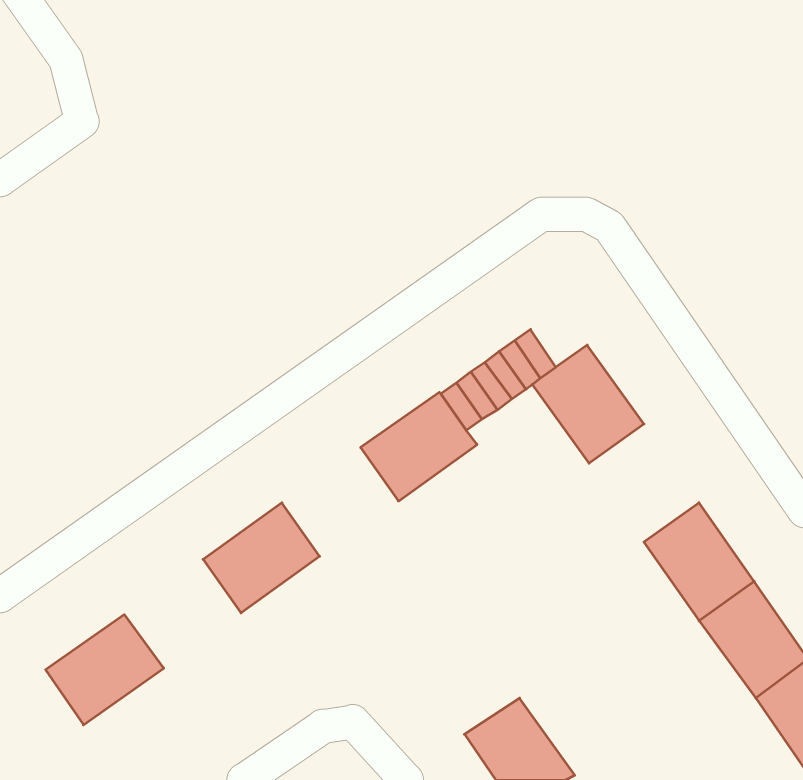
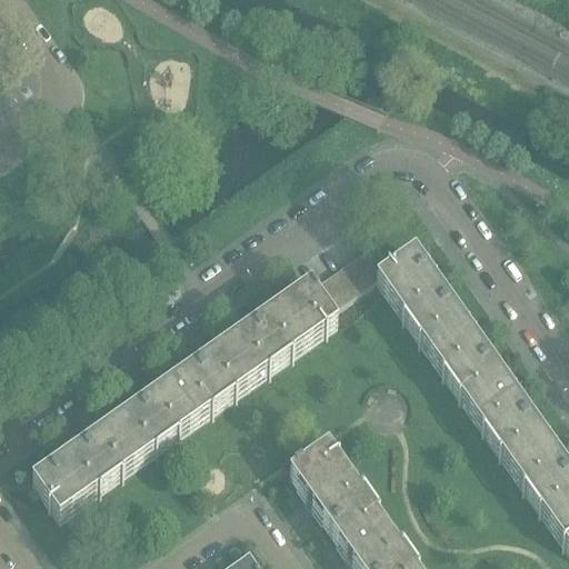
building: none -> [417,299,495,382]
building: none -> [200,316,282,392]
building: none -> [89,395,171,471]
building: none -> [290,437,368,518]

